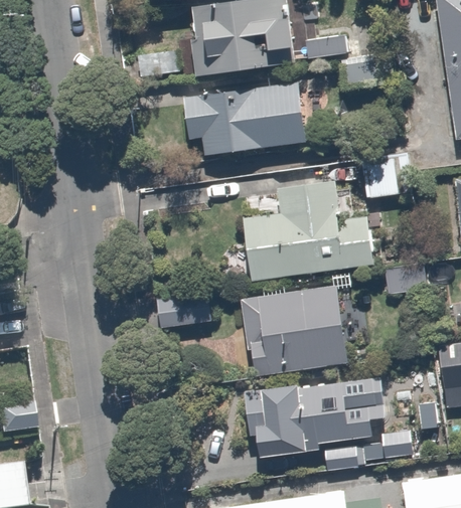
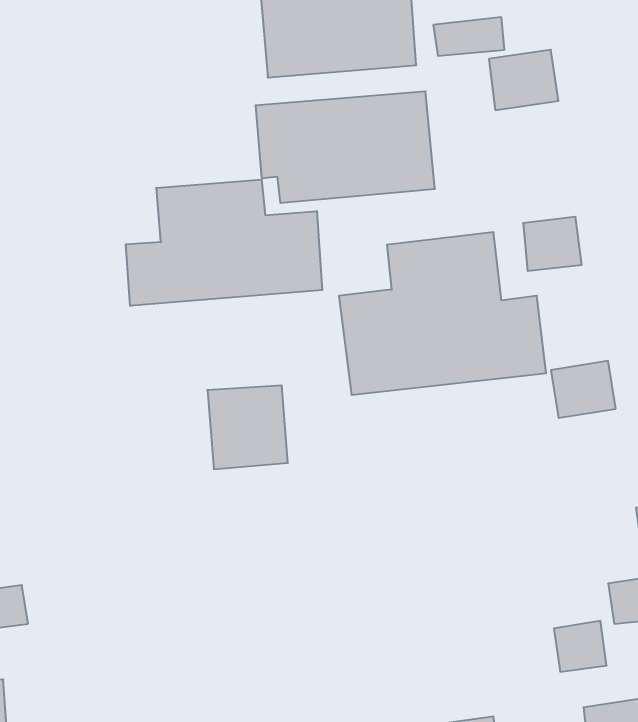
building: none -> [126,179,322,306]
building: [242,288,348,379] -> none
building: [245,380,374,473] -> none

